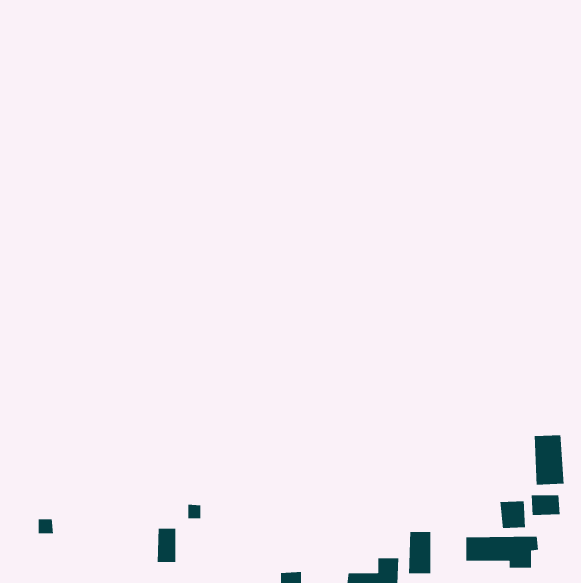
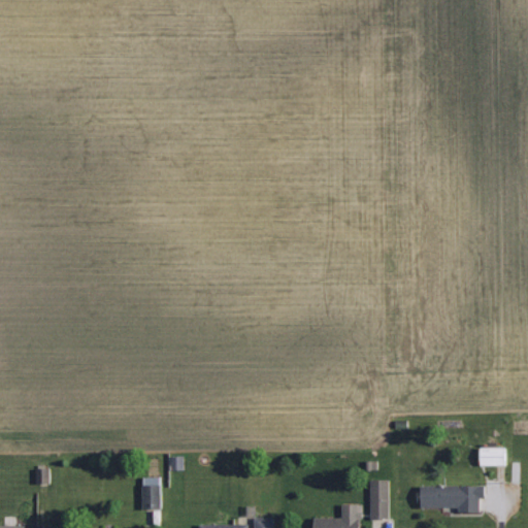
building: [534,435,564,485] -> none
building: [500,500,525,529] -> none

